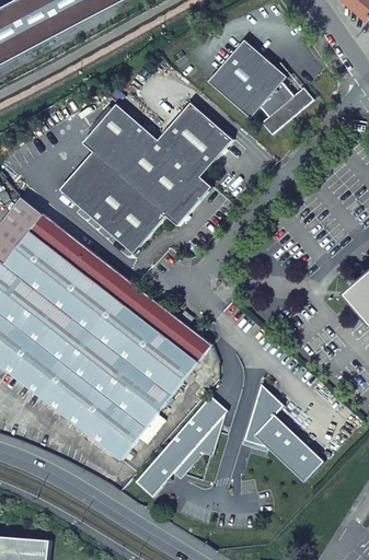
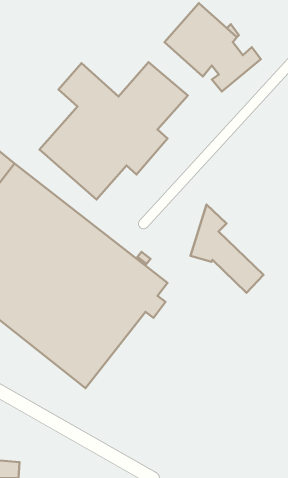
building: [59,133,112,199] -> none
building: [245,384,325,480] -> [191,205,264,293]
building: [136,394,229,497] -> none

